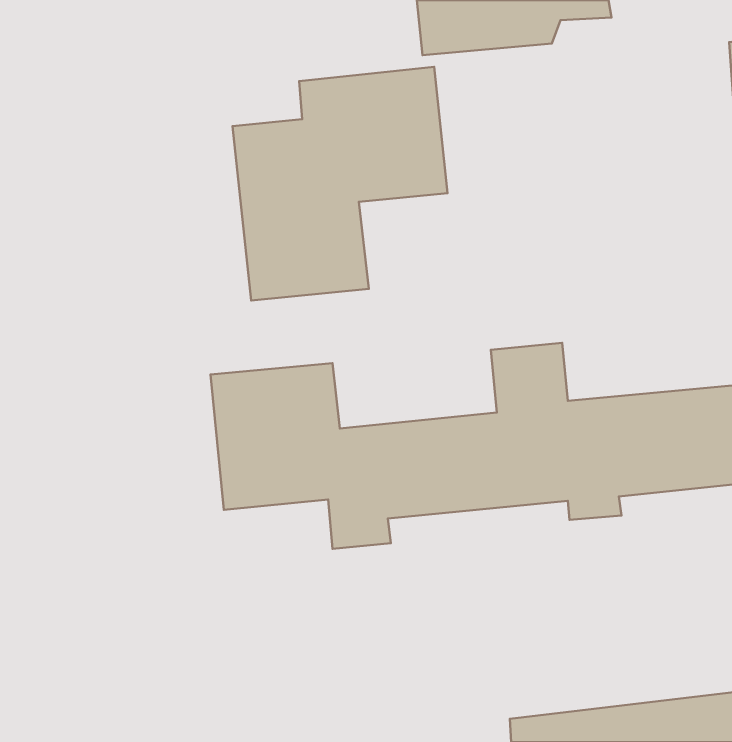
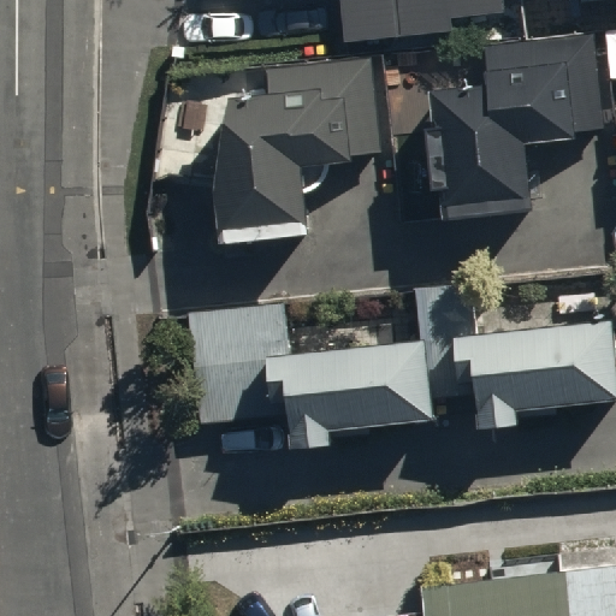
building: none -> [427,25,606,219]

